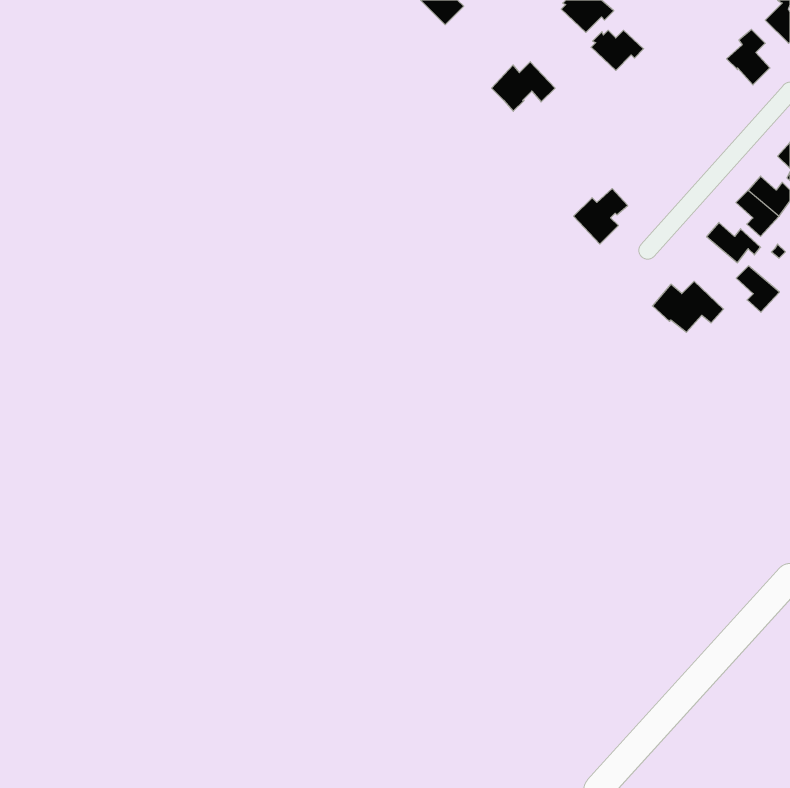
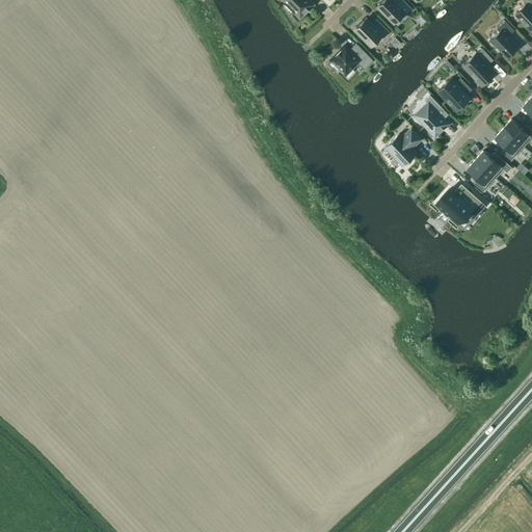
building: [591,30,644,70] -> [354,19,390,46]
building: none -> [462,49,495,86]
building: none -> [437,78,472,111]
building: none -> [415,96,447,136]
building: [736,266,779,312] -> [467,160,496,191]

